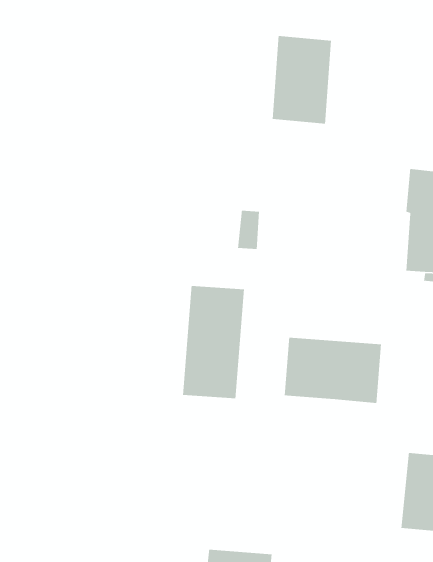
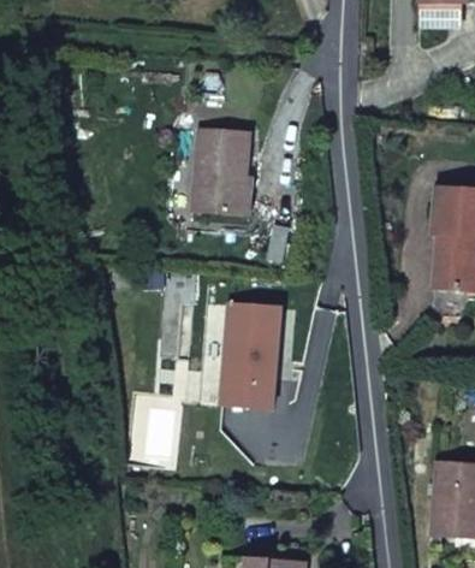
building: [272,35,332,124] -> [191,126,249,212]
building: [284,337,382,404] -> none

